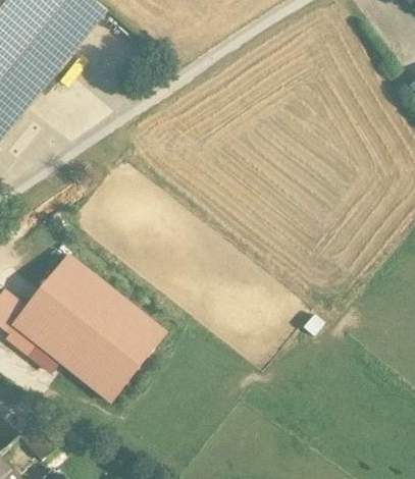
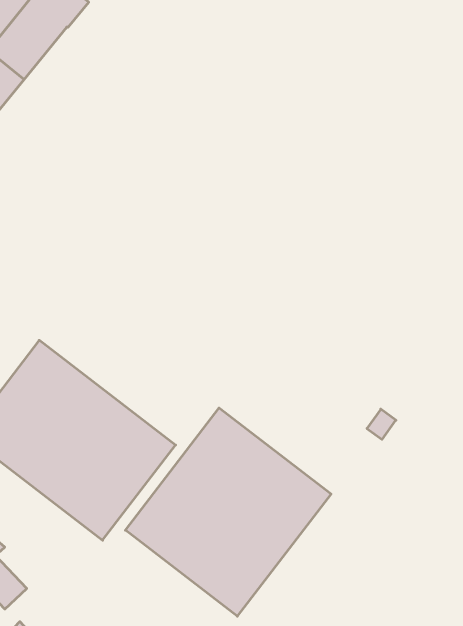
building: none -> [125,408,331,616]

